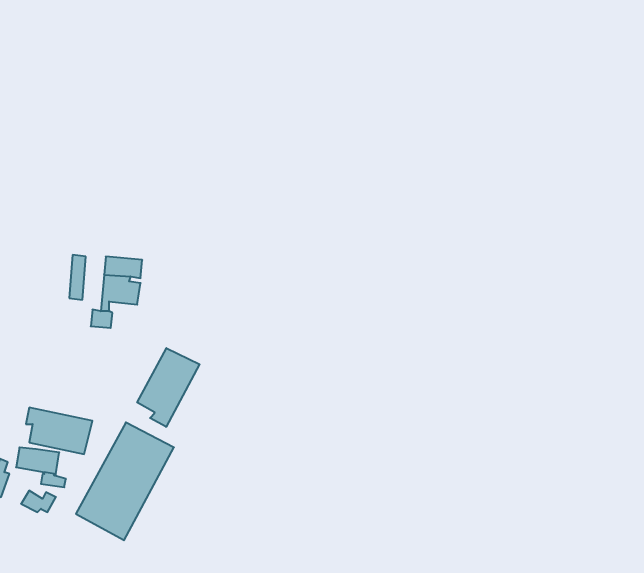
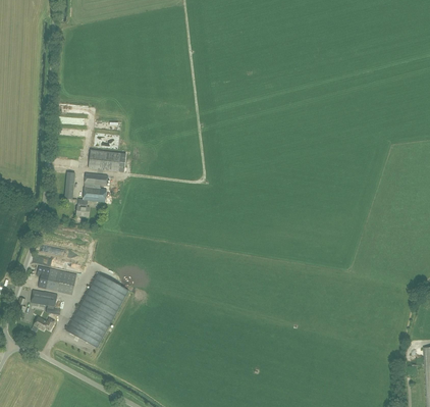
building: none -> [89,149,126,170]
building: [137,348,200,427] -> none

